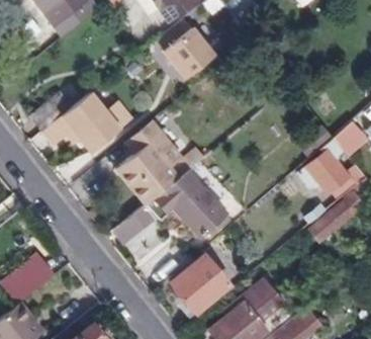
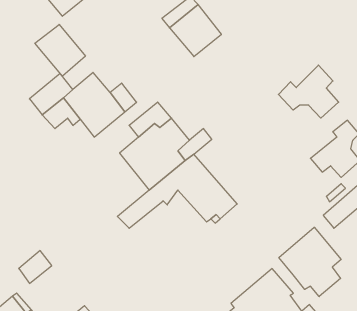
building: none -> [35,24,85,76]
building: none -> [278,65,339,118]
building: none -> [279,227,341,297]
building: [173,256,231,311] -> none

